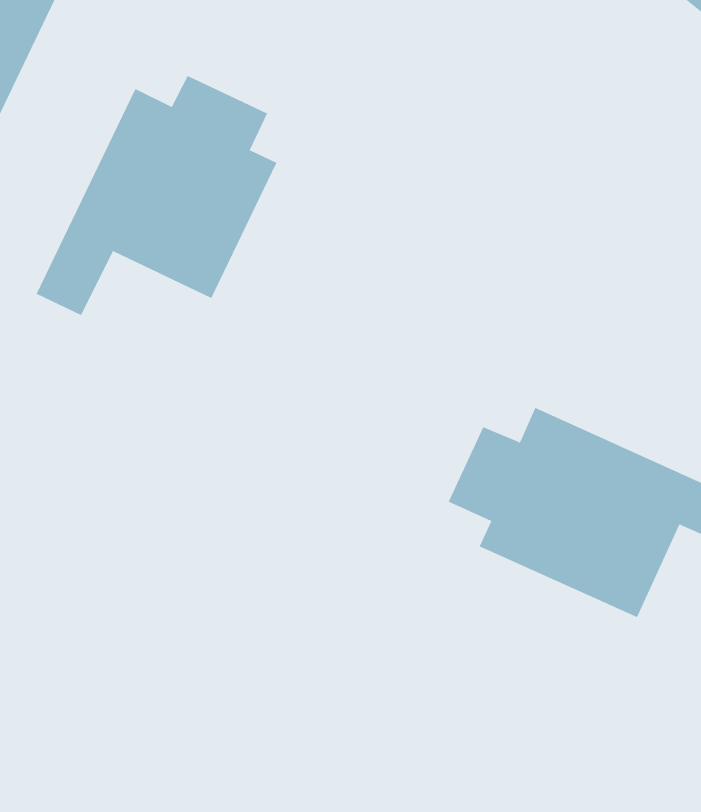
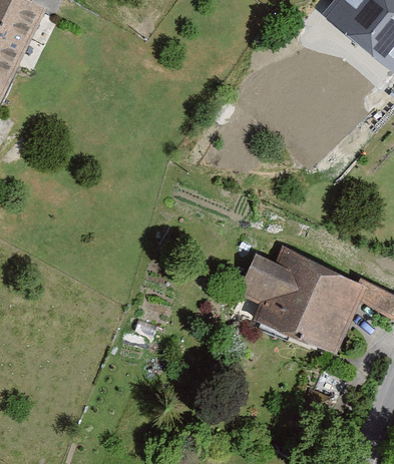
building: [36,75,277,316] -> none

